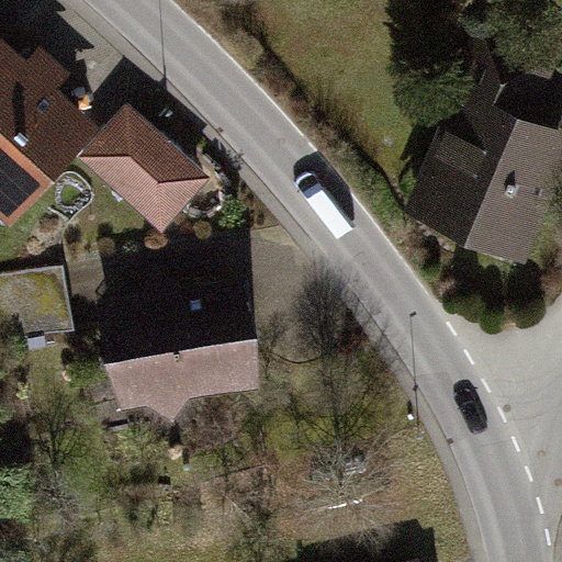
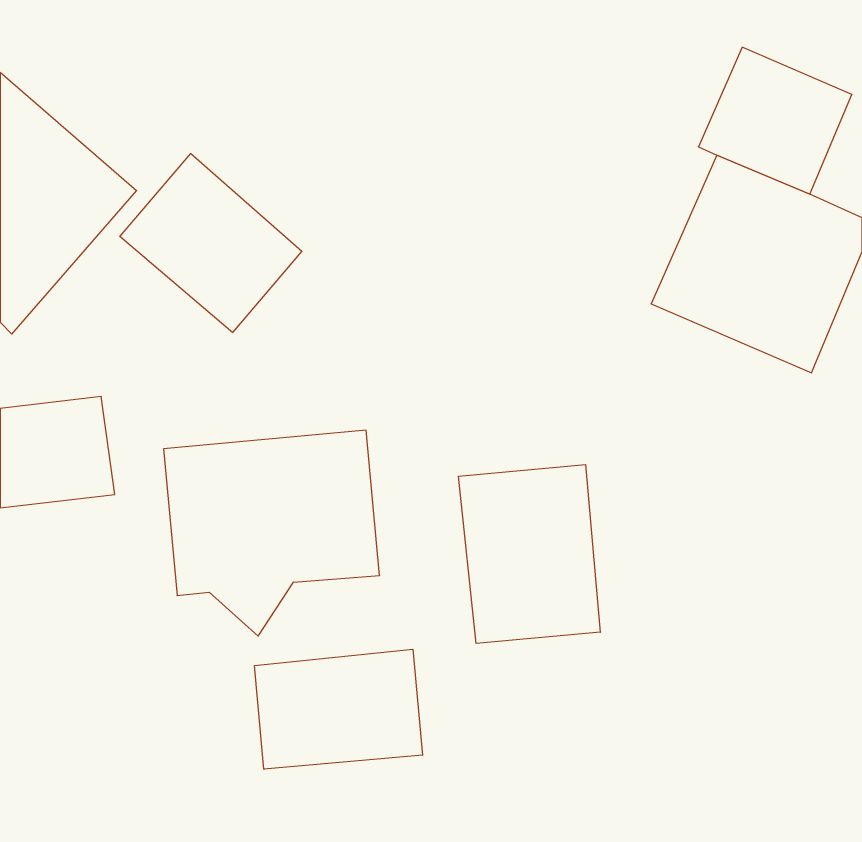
building: none -> [458,465,600,643]
building: none -> [255,649,423,769]

